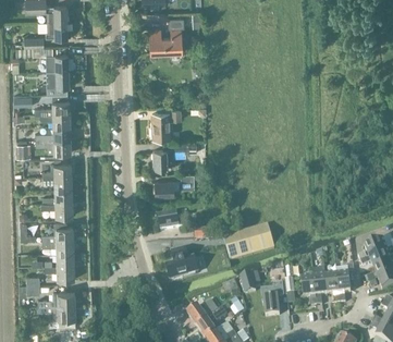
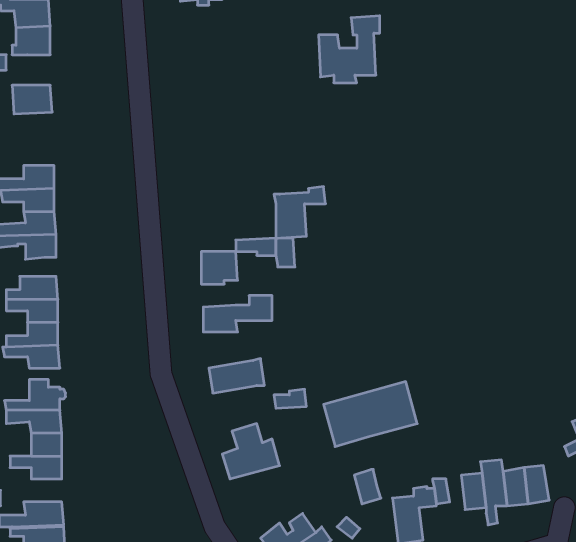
building: [149,19,184,57] -> [319,16,380,83]
building: [47,70,69,95] -> none
building: [151,109,181,138] -> [274,187,326,238]

